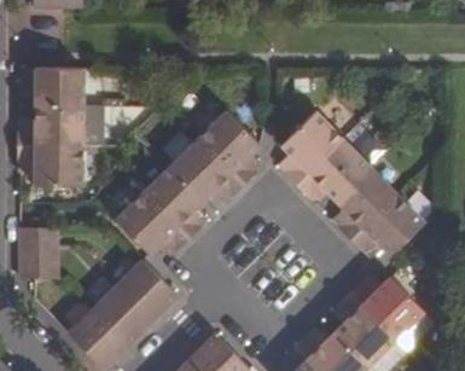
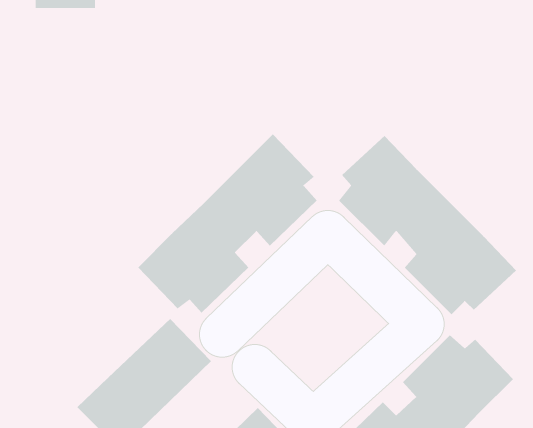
building: [21,68,85,186] -> none
building: [19,230,58,280] -> none

